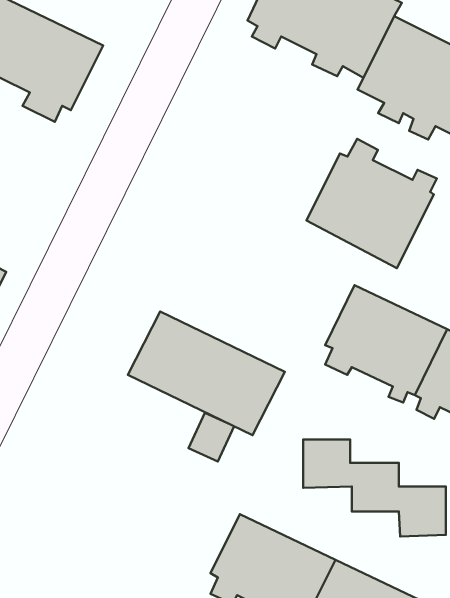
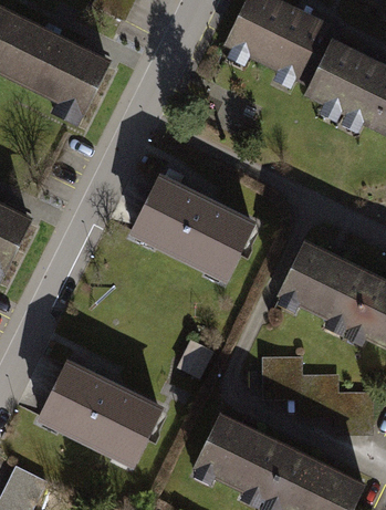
building: [306,139,437,268] -> none
building: [128,312,285,435] -> [134,185,252,278]
building: none -> [42,371,156,464]

